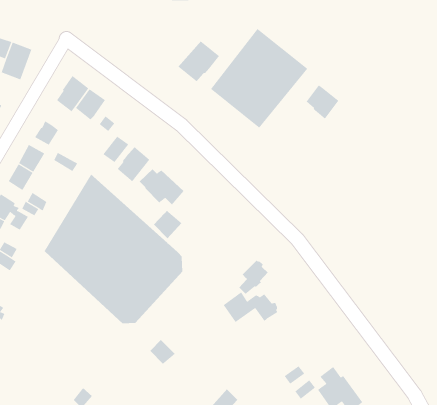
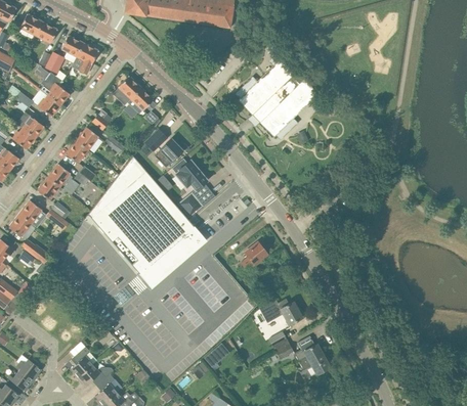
building: [178,40,220,82] -> none
building: [306,84,339,119] -> none
building: [223,291,278,323] -> [258,298,302,324]

